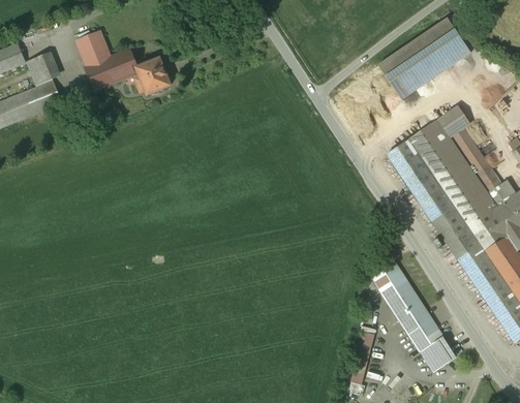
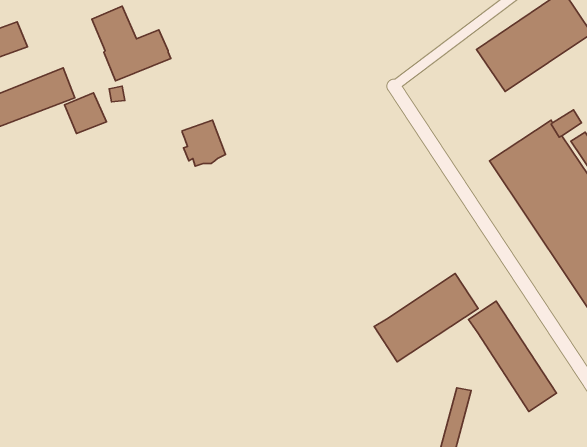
building: [28,51,61,83] -> [65,93,107,134]
building: [136,57,171,93] -> [182,120,225,166]
building: none -> [374,273,478,362]
building: [421,335,456,370] -> none

